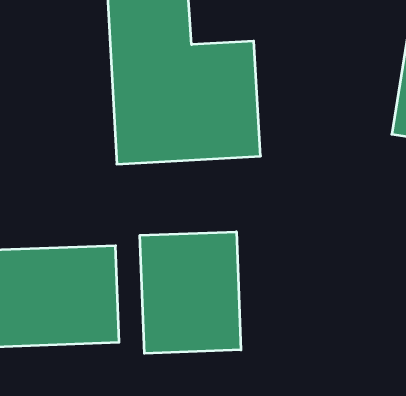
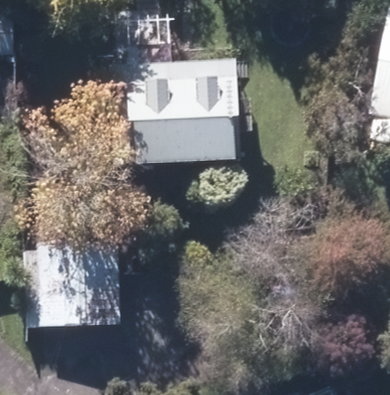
building: [140,232,241,353] -> none

